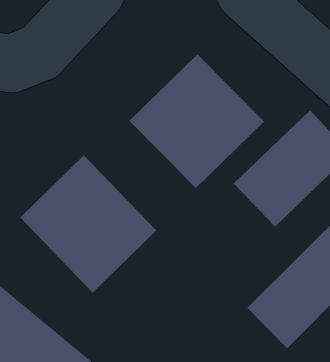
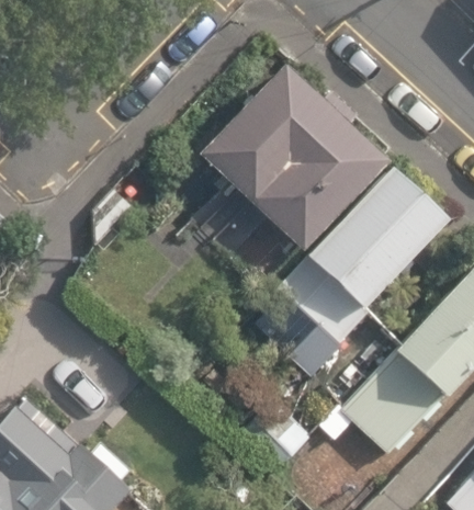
building: [19,155,157,294] -> none

